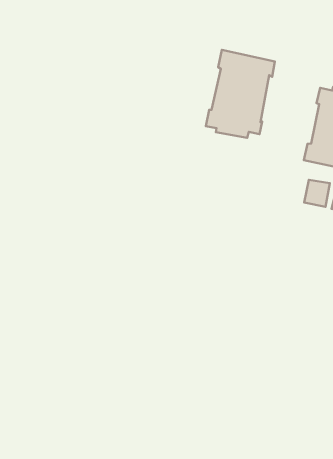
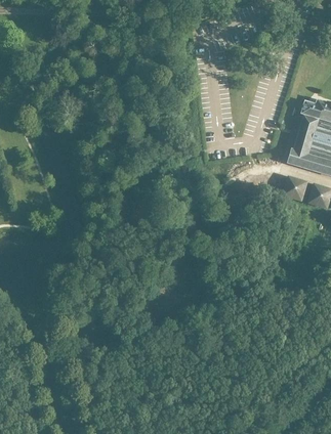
building: [206,50,275,138] -> none

